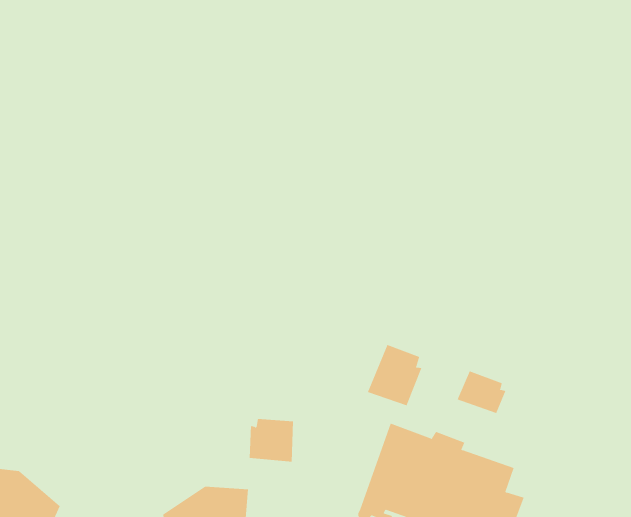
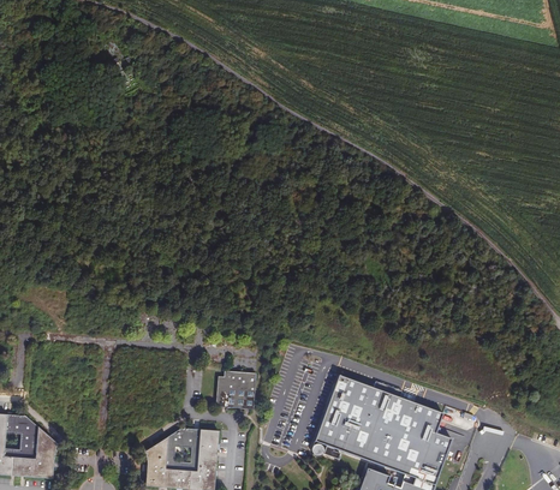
building: [367,344,422,406] -> none
building: [457,370,506,414] -> none

